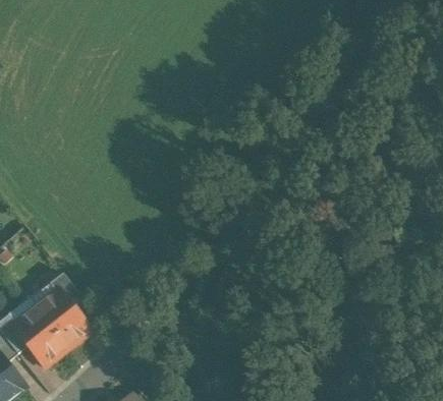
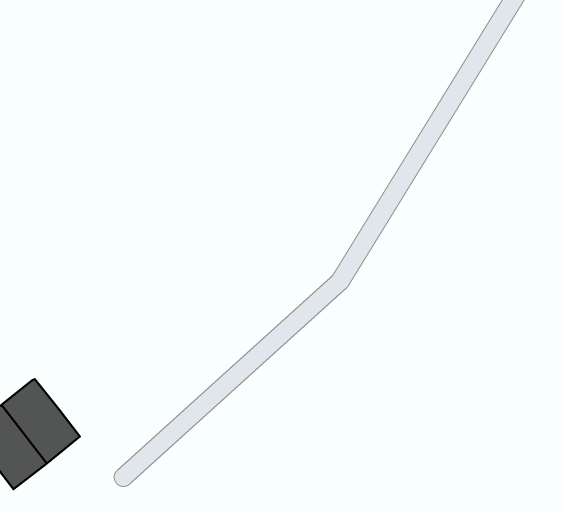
building: [49,274,85,311] -> none

